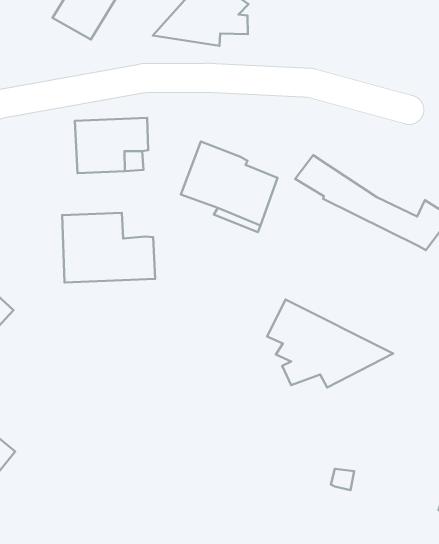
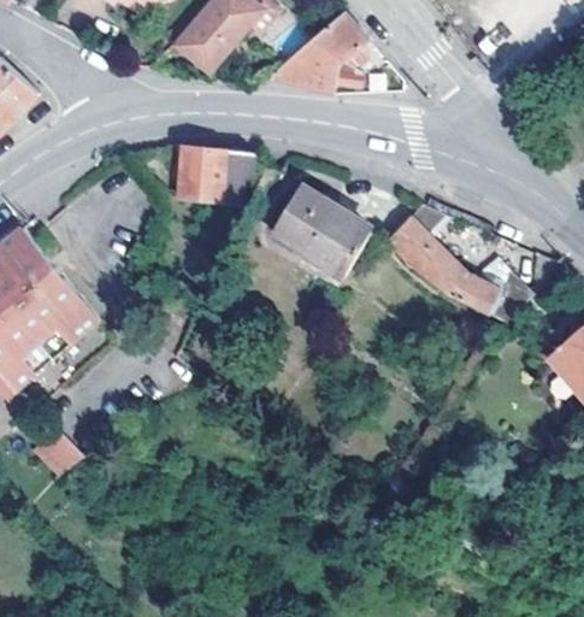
building: [62,213,155,283] -> none
building: [267,300,393,387] -> none

